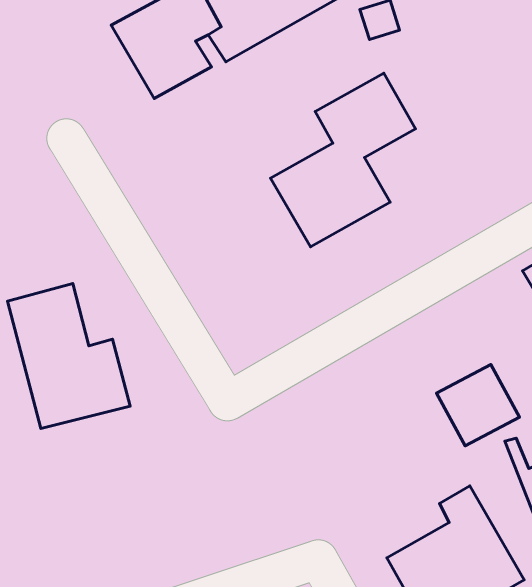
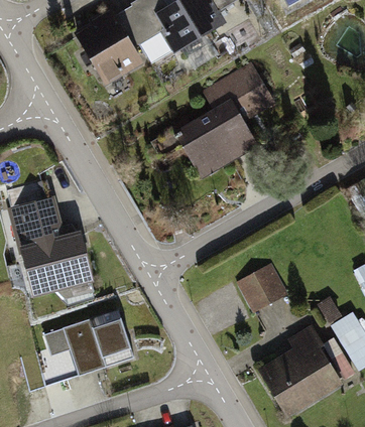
building: [437,364,519,446] -> [232,263,284,314]
building: none -> [48,310,133,377]

